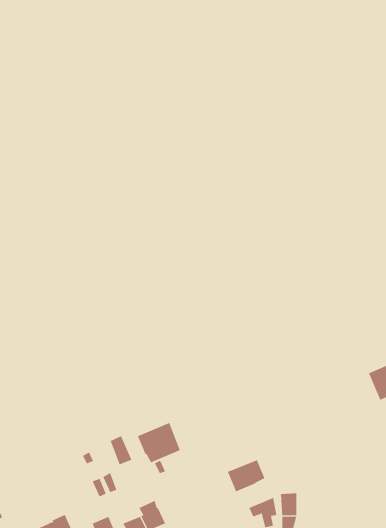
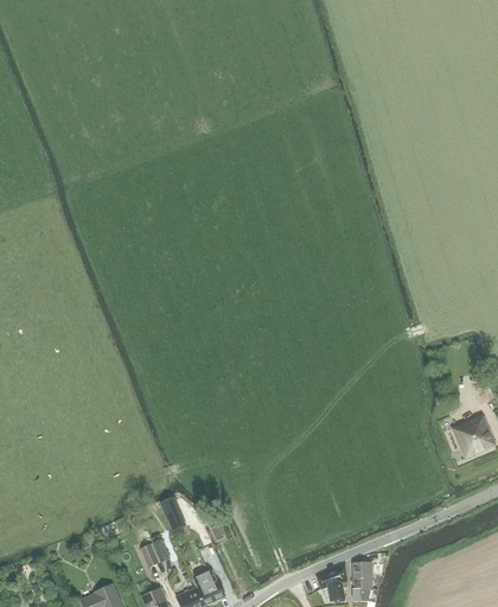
building: [137,422,181,463] -> none
building: [227,459,265,492] -> none

